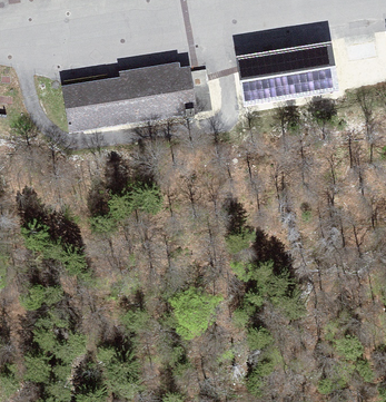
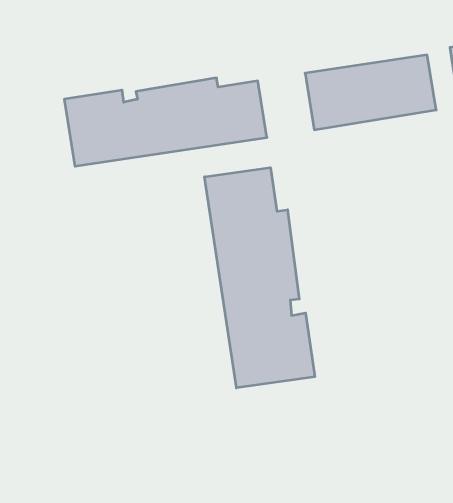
building: none -> [205,168,315,388]

